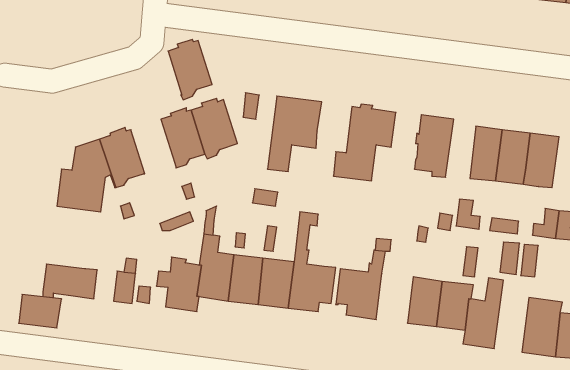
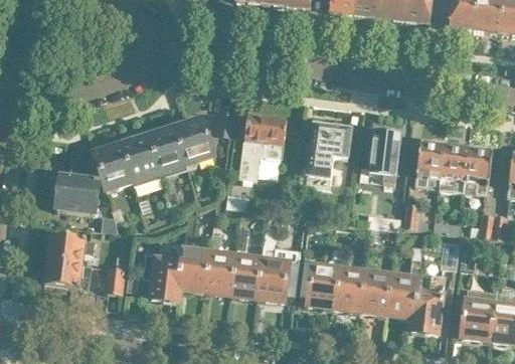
building: [168,39,212,100] -> [121,134,159,186]
building: none -> [334,268,366,312]
building: [19,294,62,328] -> [47,235,84,264]

